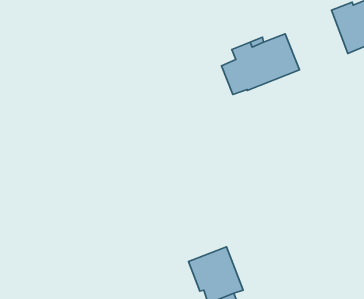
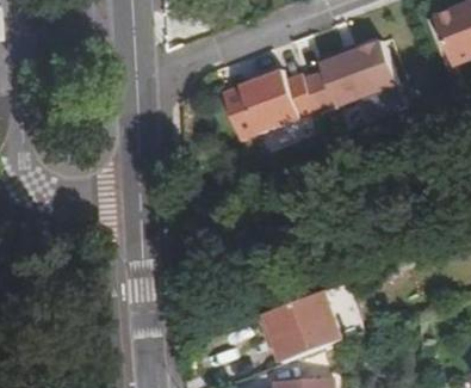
building: none -> [223,74,317,146]

